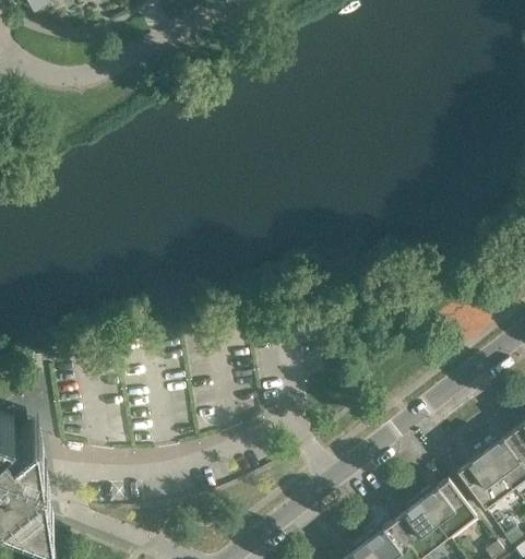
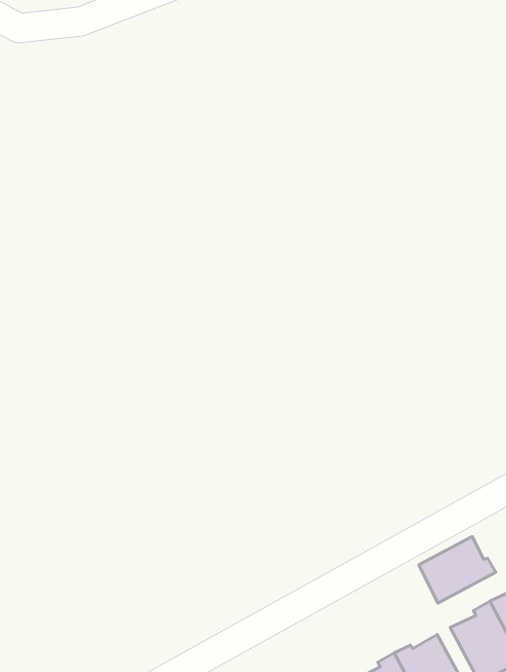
building: none -> [419,536,496,603]

